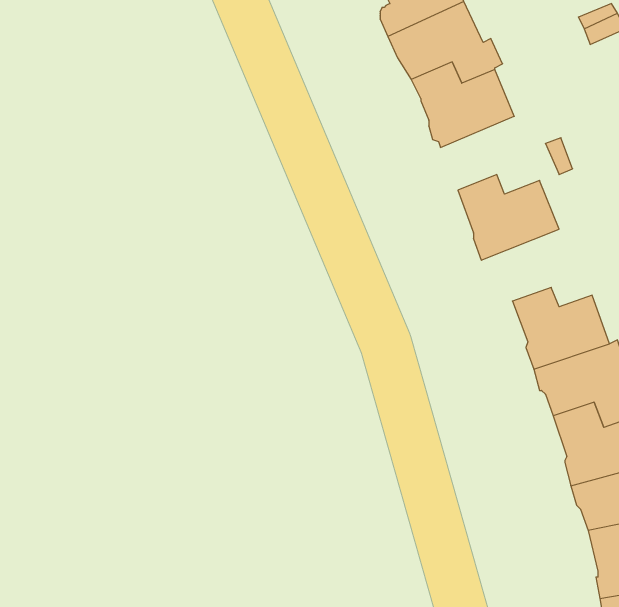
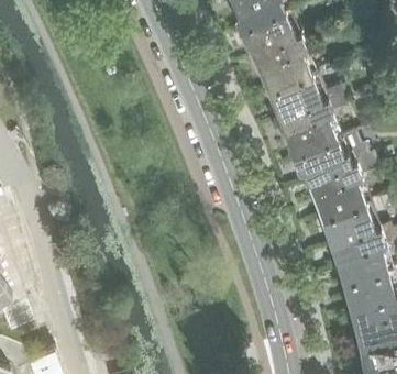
building: none -> [268,73,330,117]
building: none -> [291,136,359,180]

